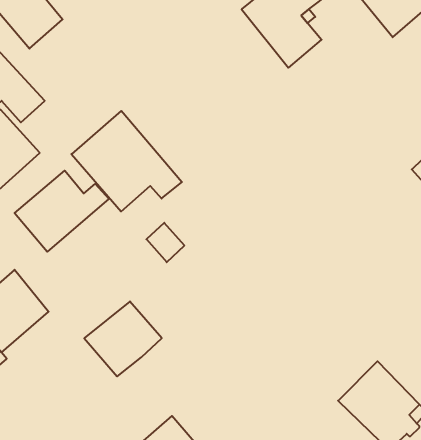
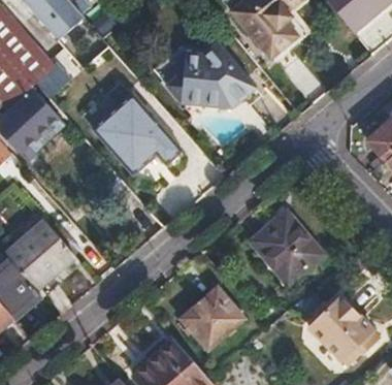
building: none -> [164,39,259,105]
building: [15,171,109,252] -> none
building: none -> [250,211,323,285]
building: [84,301,162,376] -> [181,288,243,349]

